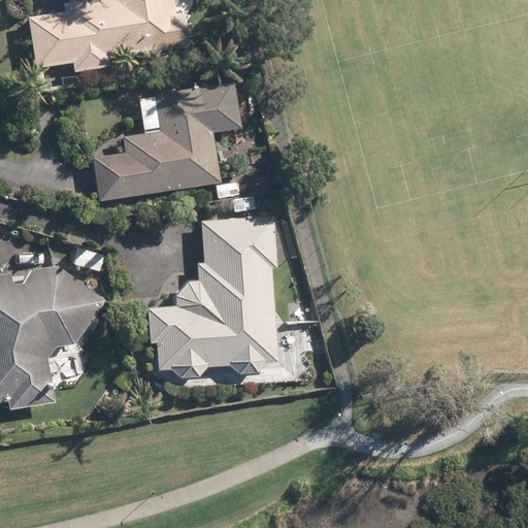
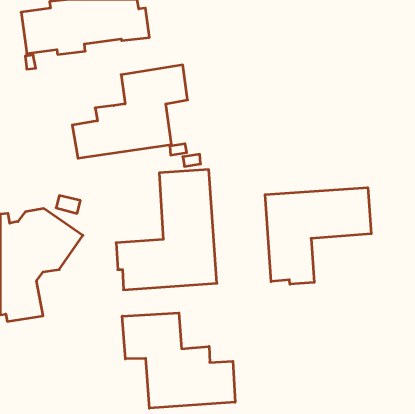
building: none -> [265,188,371,284]
building: none -> [122,313,235,408]

